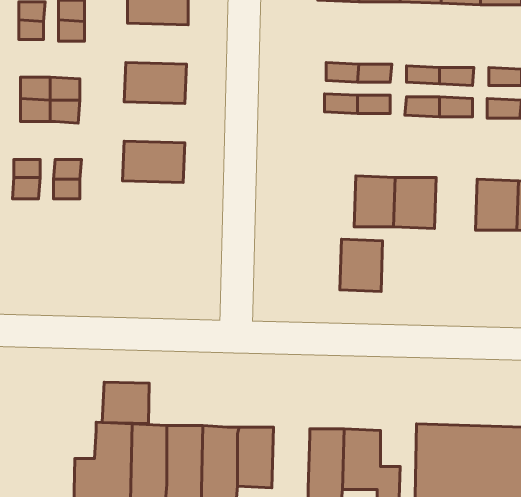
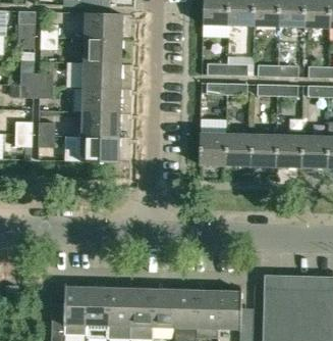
building: none -> [84,38,122,63]
building: none -> [82,87,120,112]
building: none -> [275,134,301,166]
building: none -> [80,136,119,161]
building: [340,239,383,292] -> [200,132,226,164]
building: [102,382,149,423] -> none
building: none -> [174,289,198,327]

